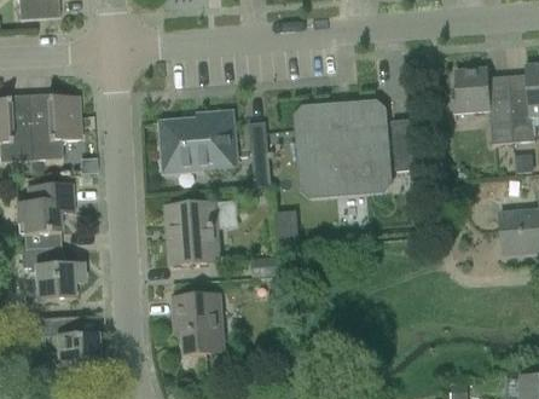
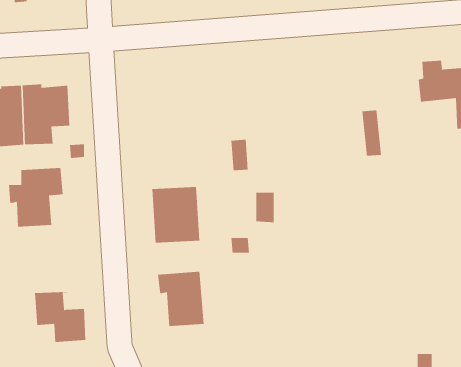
building: [302,108,384,190] -> none
building: [152,111,237,170] -> none
building: [21,244,82,300] -> none

